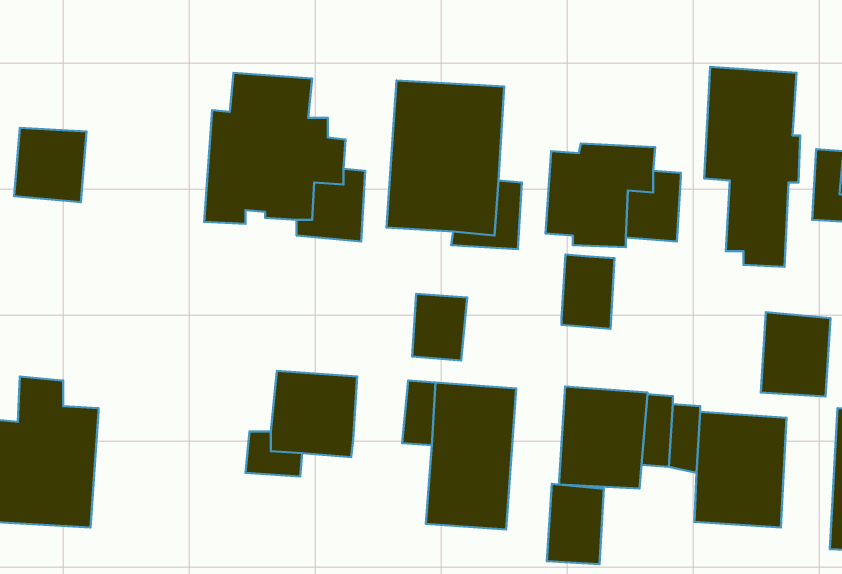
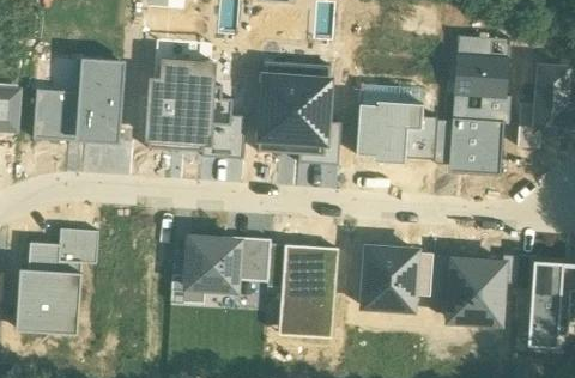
building: none -> [71,56,121,139]
building: [562,254,615,329] -> [435,120,467,165]
building: [412,294,467,360] -> [237,242,271,282]
building: [761,312,830,396] -> none
building: none -> [59,228,98,263]
building: [547,484,604,564] -> none

